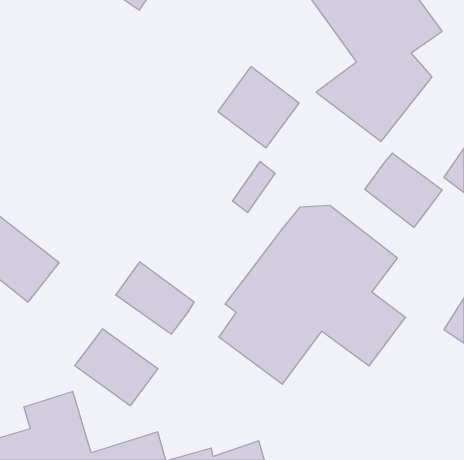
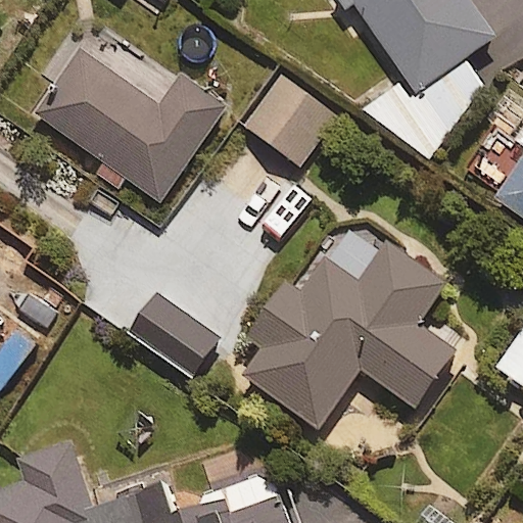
building: none -> [35,25,223,200]
building: [365,153,442,227] -> none
building: [75,329,158,406] -> none

